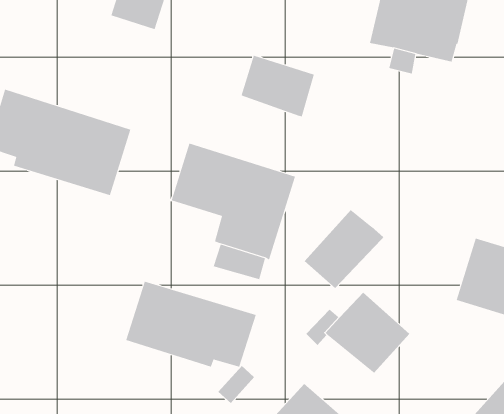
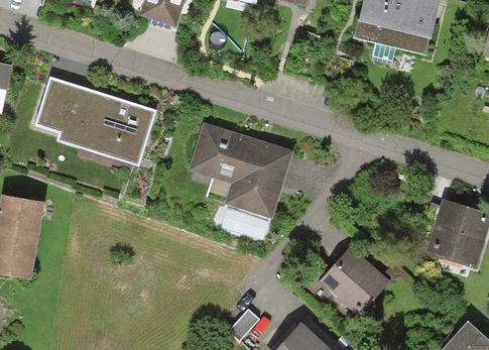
building: [241,55,314,117] -> none
building: [304,209,384,289] -> none
building: [126,281,256,368] -> none

